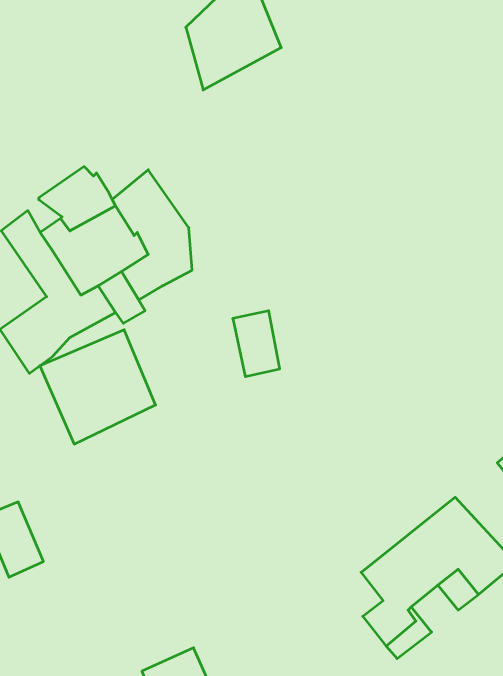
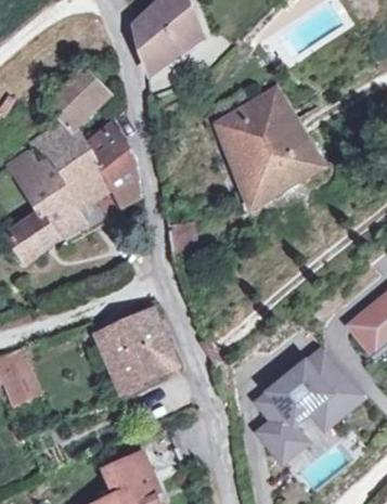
building: none -> [44,65,107,127]
building: none -> [216,89,321,207]
building: [40,330,156,444] -> [93,309,173,388]

